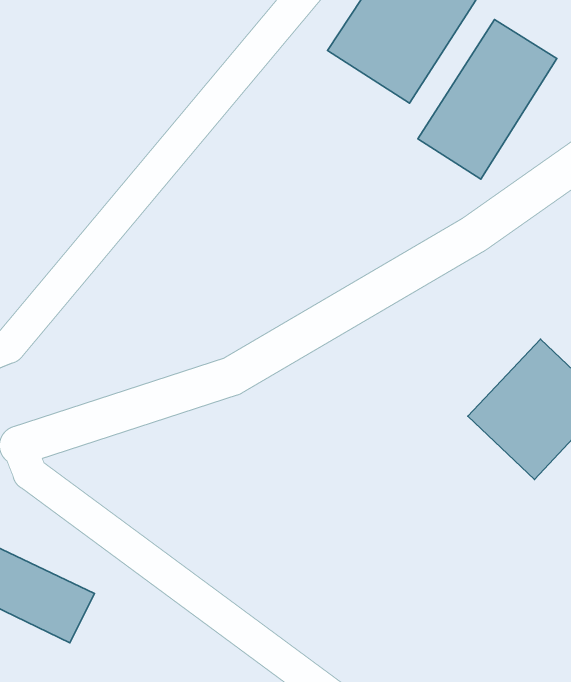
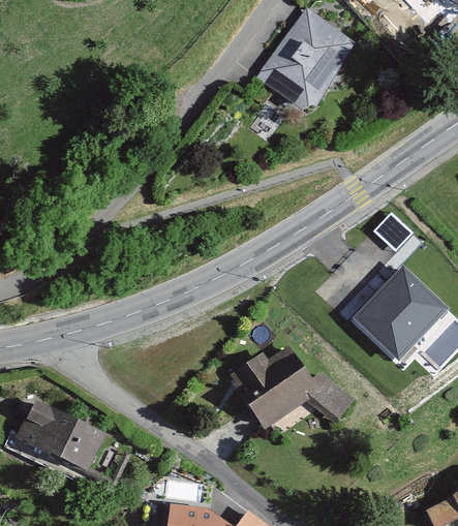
building: [418,20,557,179] -> none
building: none -> [232,350,349,426]

